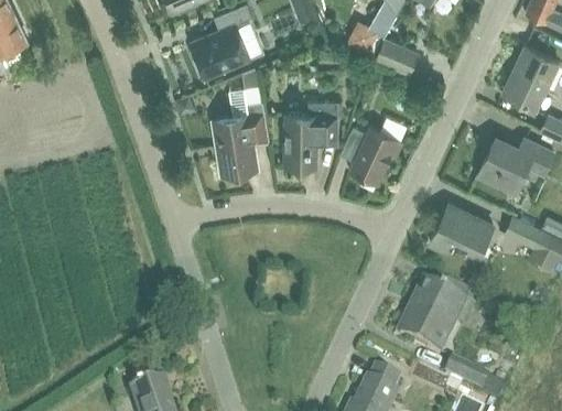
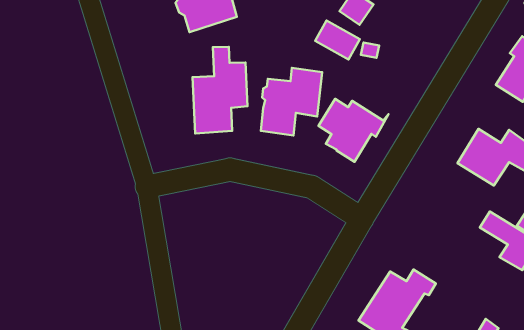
building: [375,37,418,73] -> [315,20,360,60]
building: [430,205,493,259] -> none

